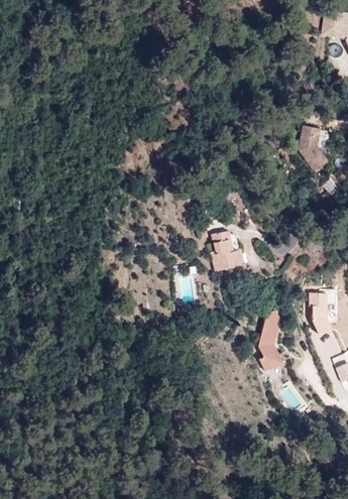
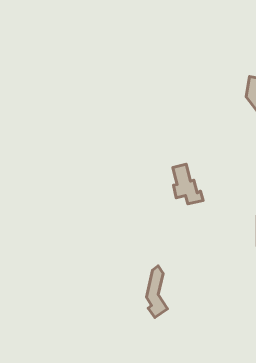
building: [259,308,284,370] -> [146,266,168,317]

